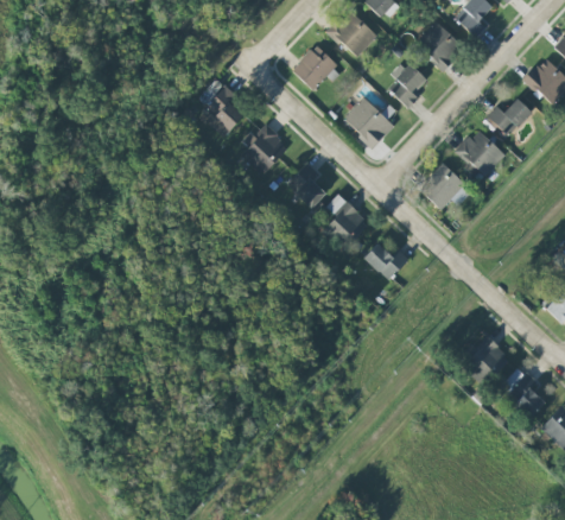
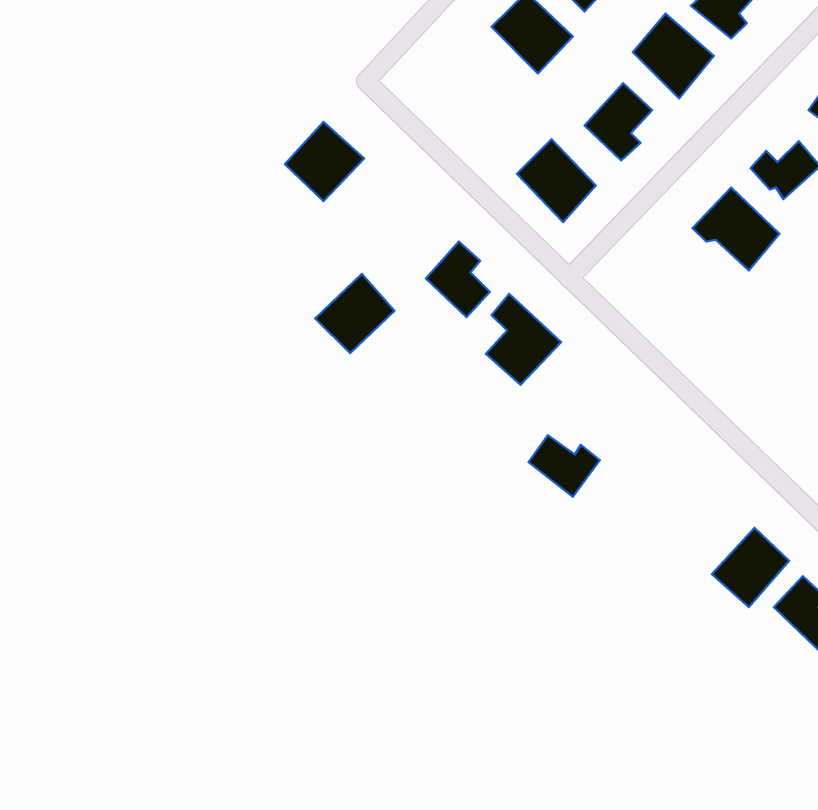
building: [292,43,339,89] -> none
building: [241,125,290,173] -> [315,274,395,353]
building: [419,163,471,211] -> none
building: [364,241,408,279] -> [528,435,600,497]

